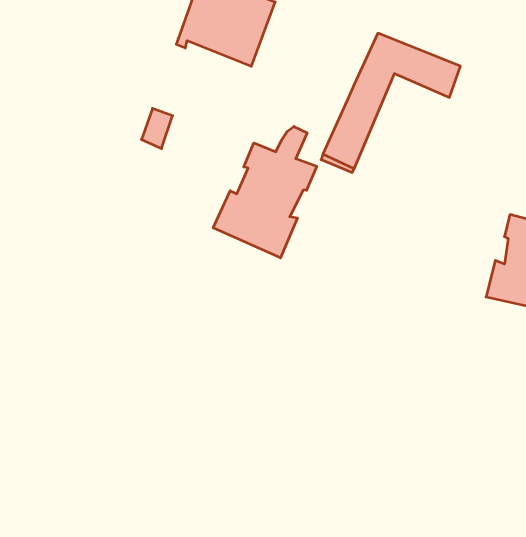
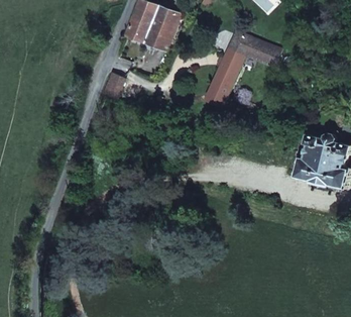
building: [213,126,317,258] -> none

